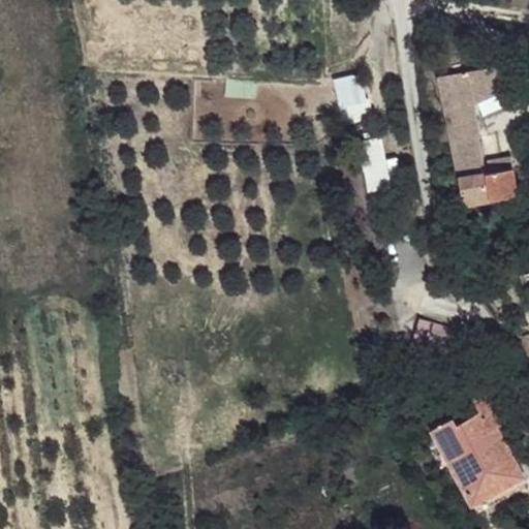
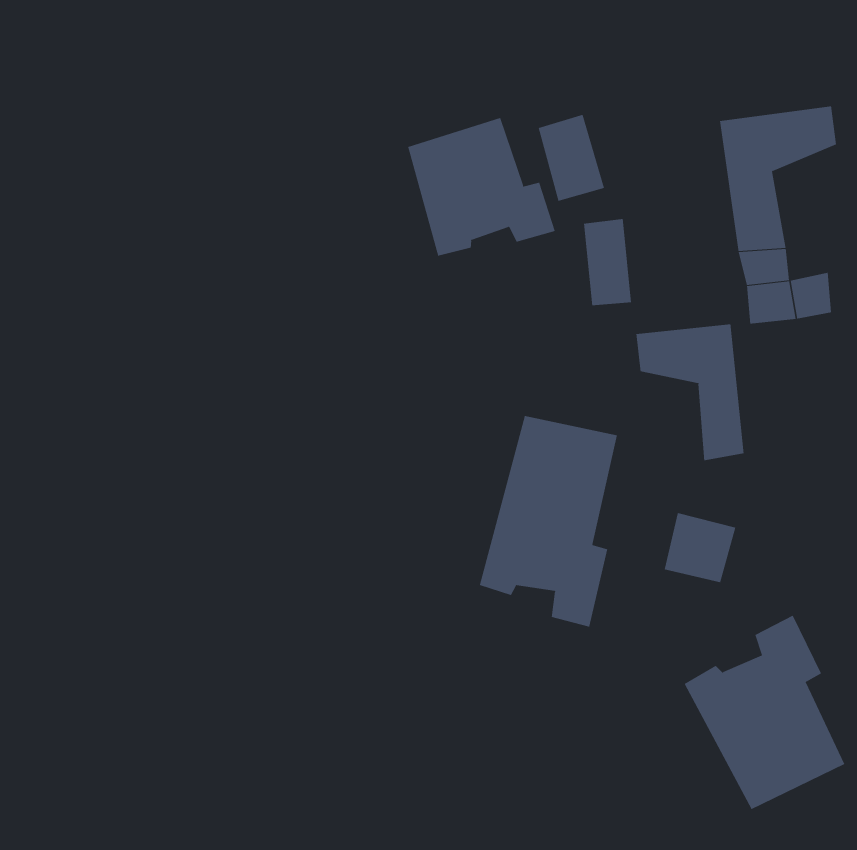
building: none -> [408,117,555,256]
building: none -> [636,323,744,461]
building: none -> [479,415,617,627]

